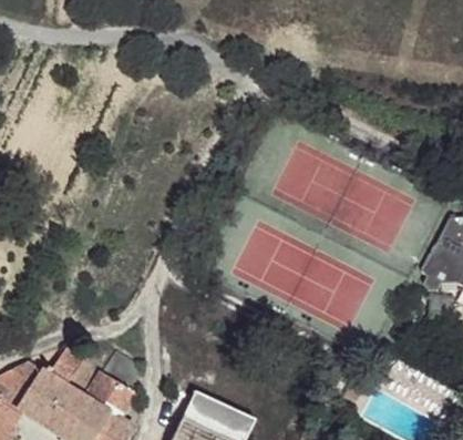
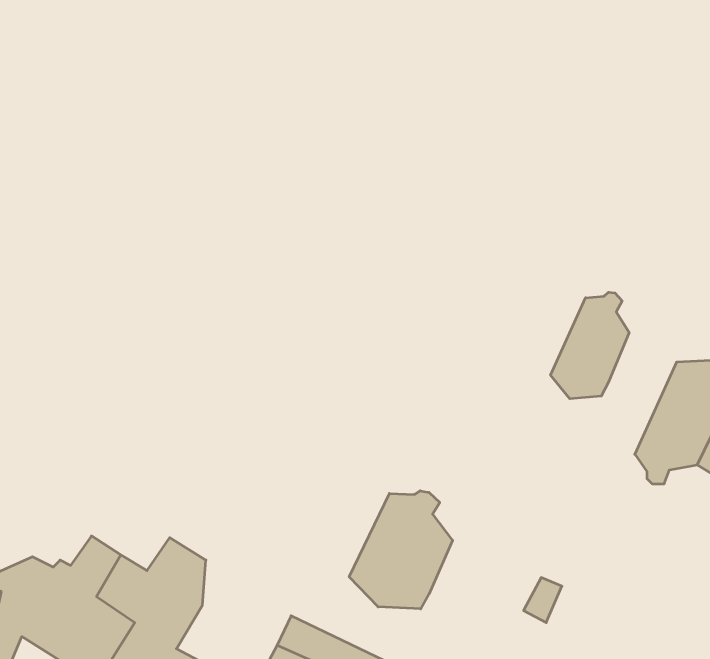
building: none -> [551,292,629,399]
building: none -> [349,491,453,609]

